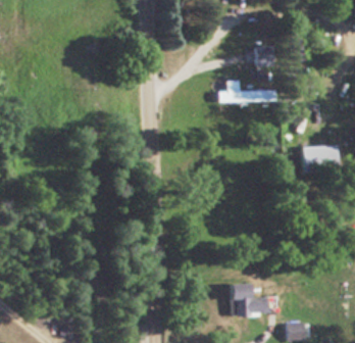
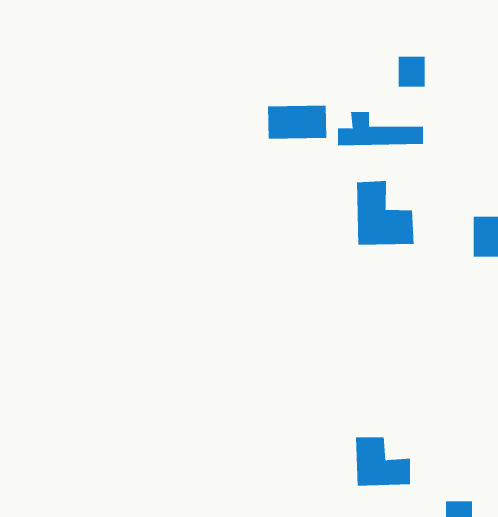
building: none -> [268,105,327,140]
building: none -> [357,180,414,245]

